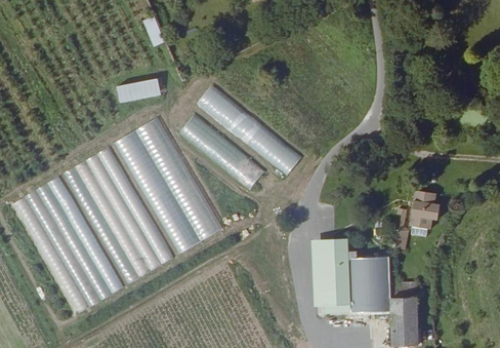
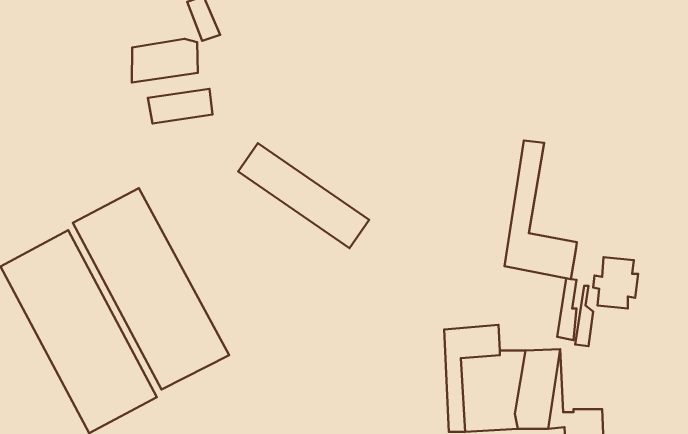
building: none -> [132,39,198,82]
building: [193,85,300,173] -> none
building: none -> [504,141,577,279]
building: [113,116,218,254] -> none

